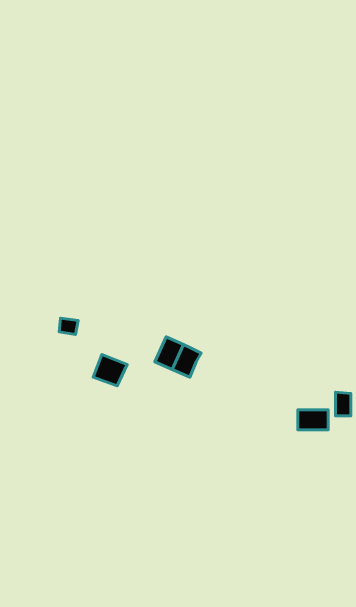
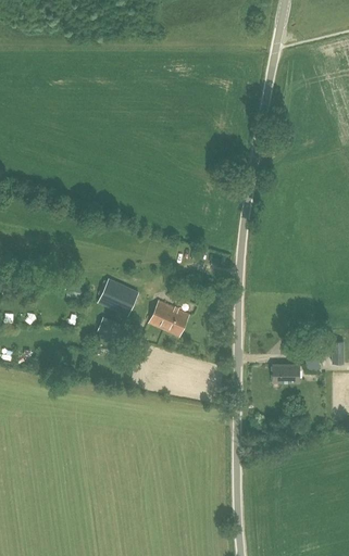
building: none -> [99,279,138,315]

